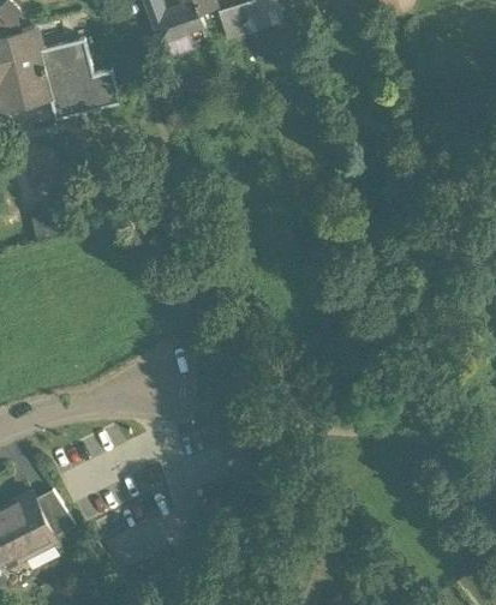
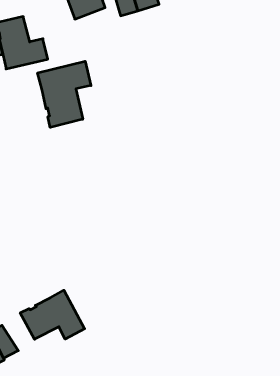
building: none -> [38,61,91,127]
building: none -> [20,290,85,339]

